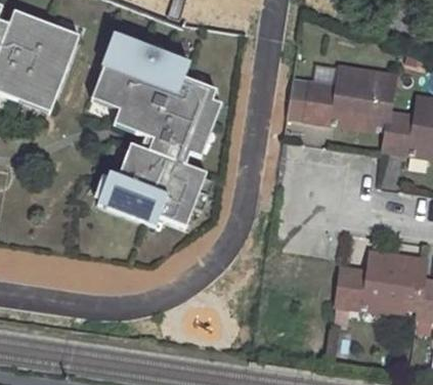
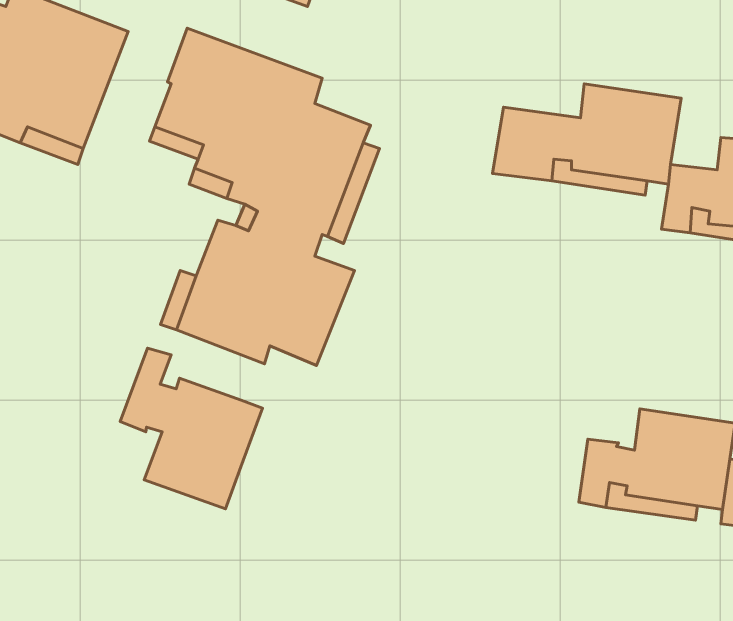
building: none -> [120,348,262,509]

